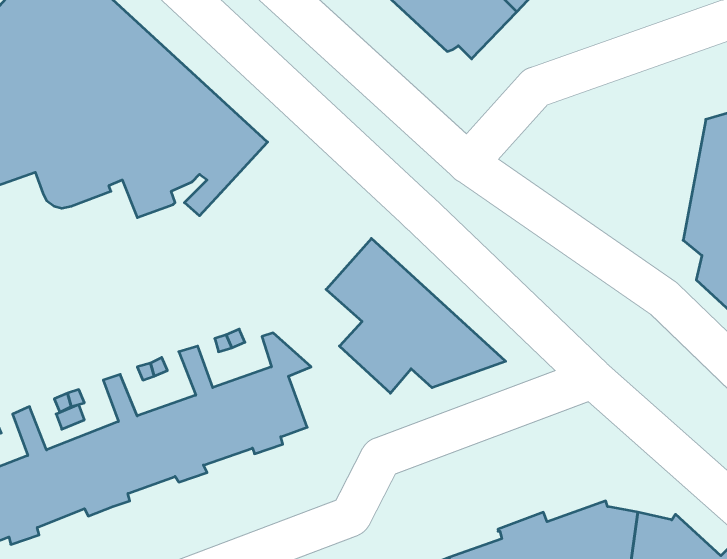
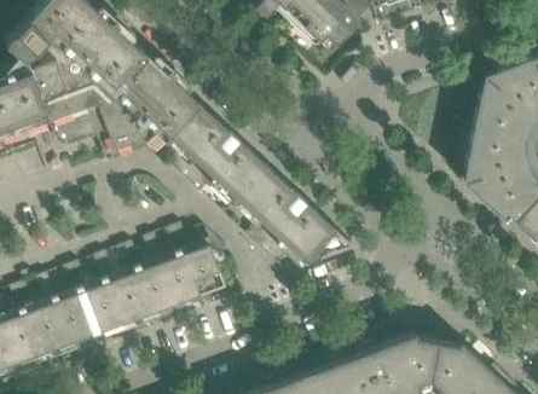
building: none -> [168,104,266,198]

